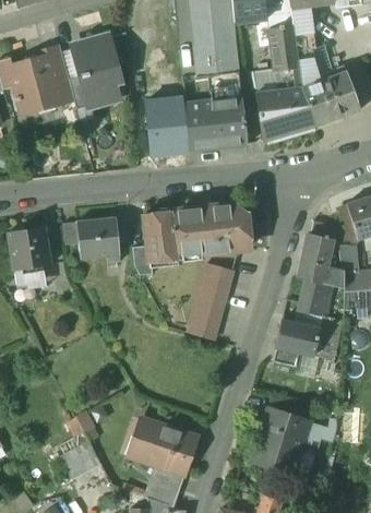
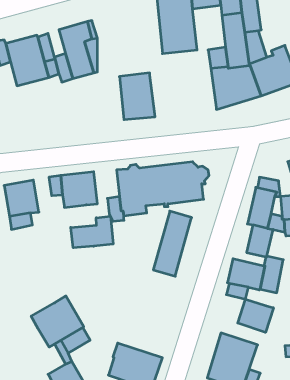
building: [182,71,246,151] -> none
building: none -> [71,216,113,248]
building: none -> [31,296,84,347]
building: none -> [238,299,273,332]

